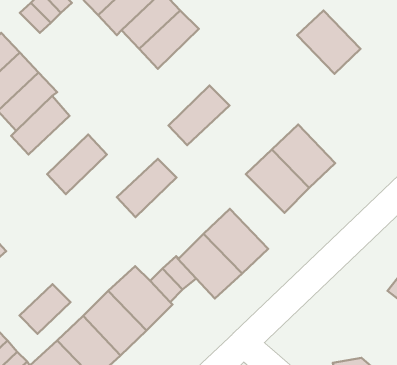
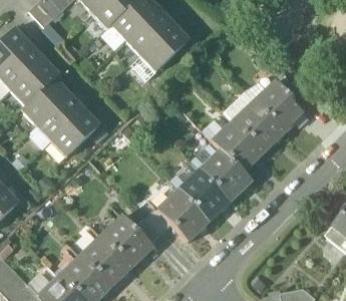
building: [297,10,361,74] -> [253,81,304,132]
building: [169,86,229,145] -> [139,24,189,72]
building: [117,159,177,217] -> [35,94,83,141]
building: none -> [198,149,249,202]
building: [20,284,70,334] -> none

